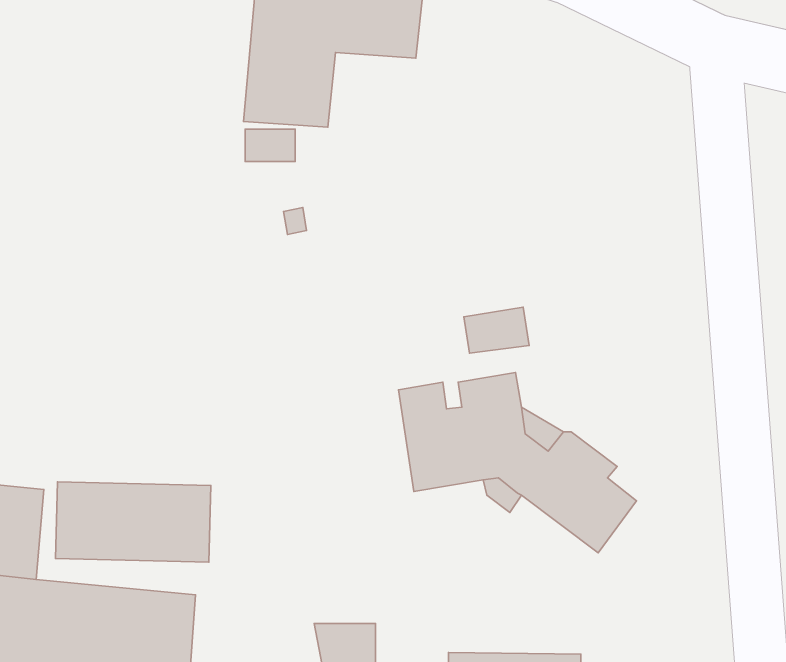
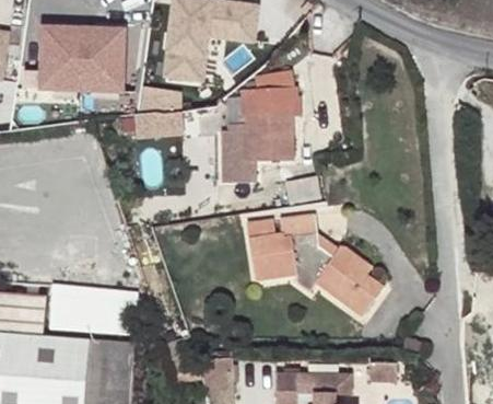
building: none -> [43,23,129,92]
building: none -> [223,73,298,183]

